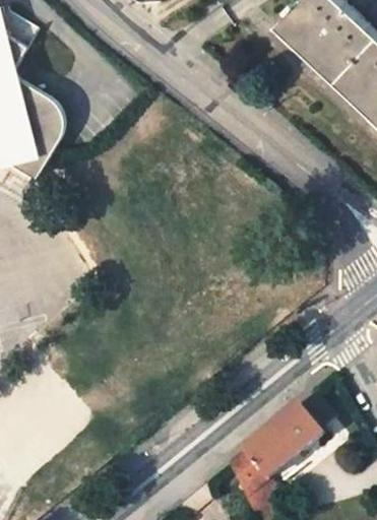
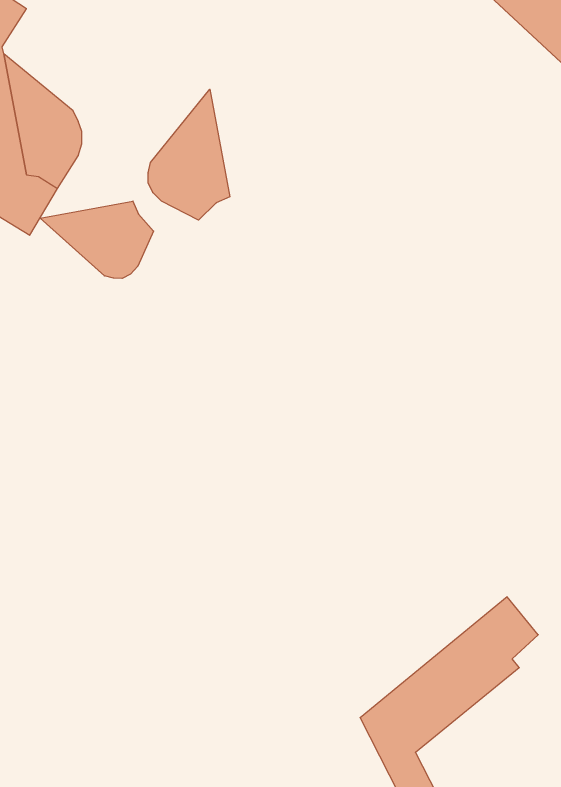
building: none -> [148,89,230,220]
building: none -> [40,201,154,278]

